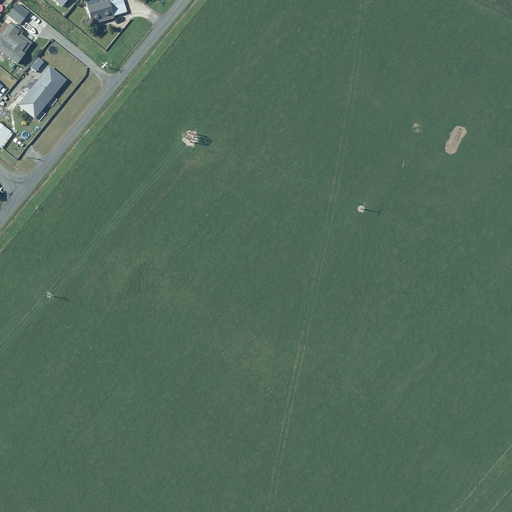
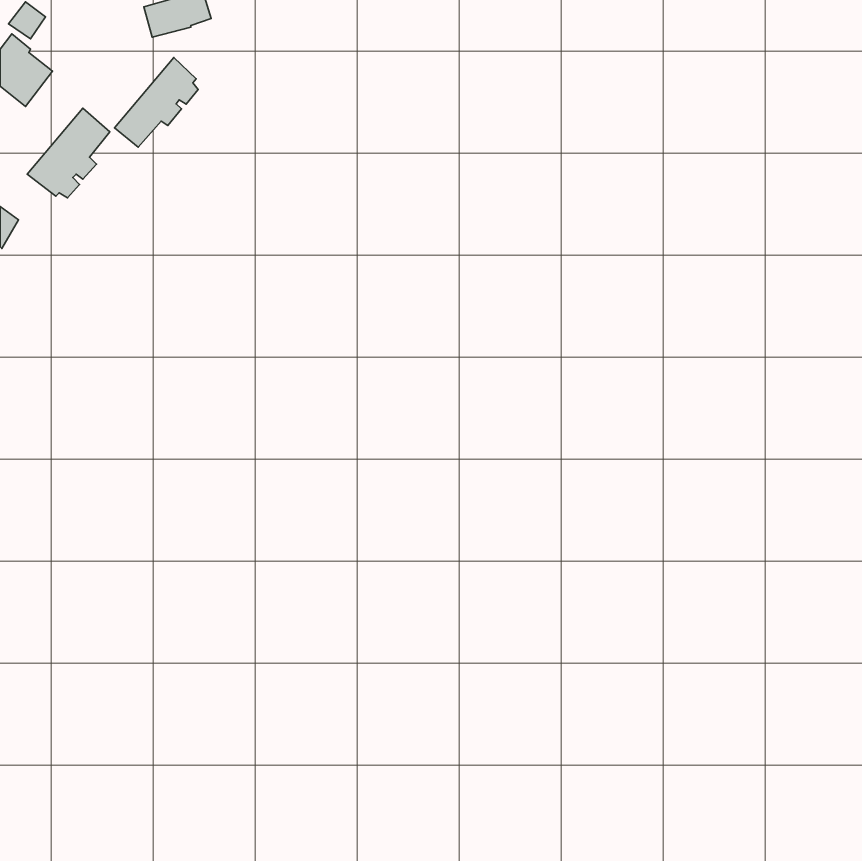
building: none -> [114,58,198,147]

